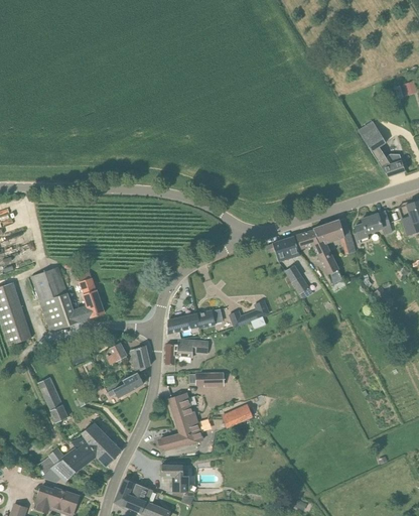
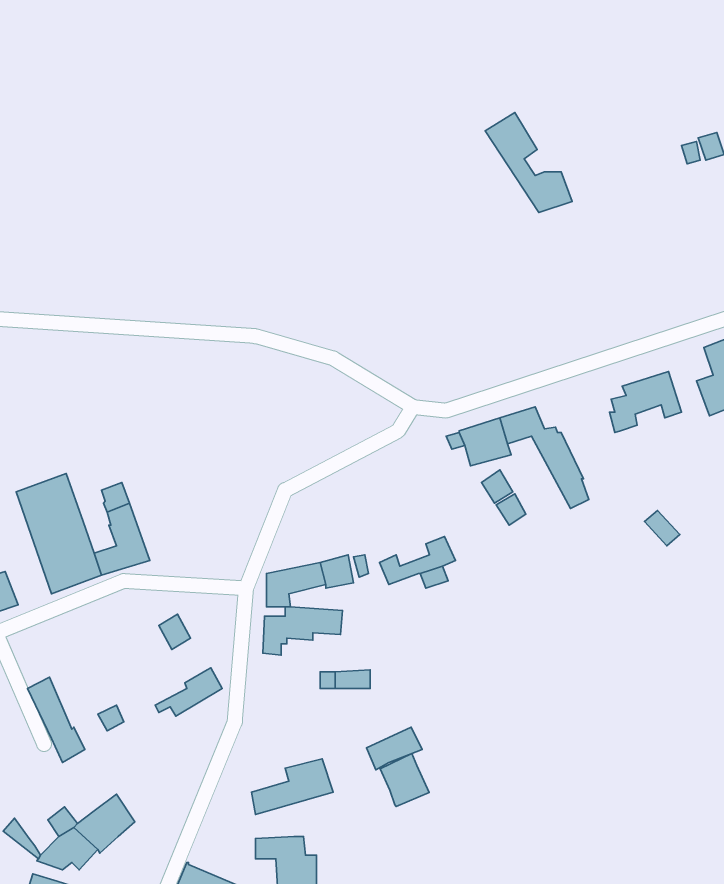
building: [358,122,405,176] -> [485,112,572,212]
building: [313,220,351,244] -> none
building: [130,345,150,373] -> none
building: [168,393,197,426] -> none
building: none -> [380,754,429,806]
building: [83,422,121,467] -> none

